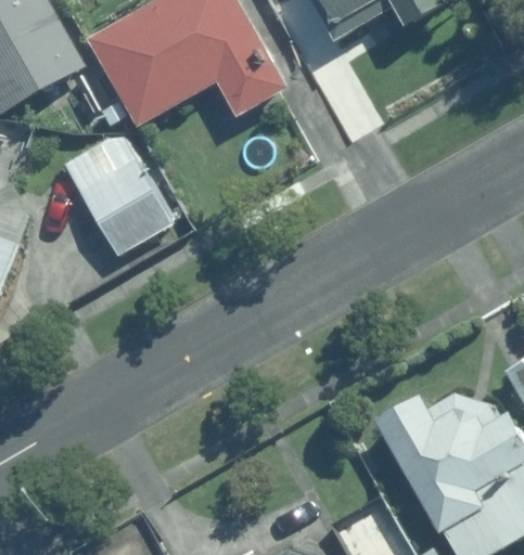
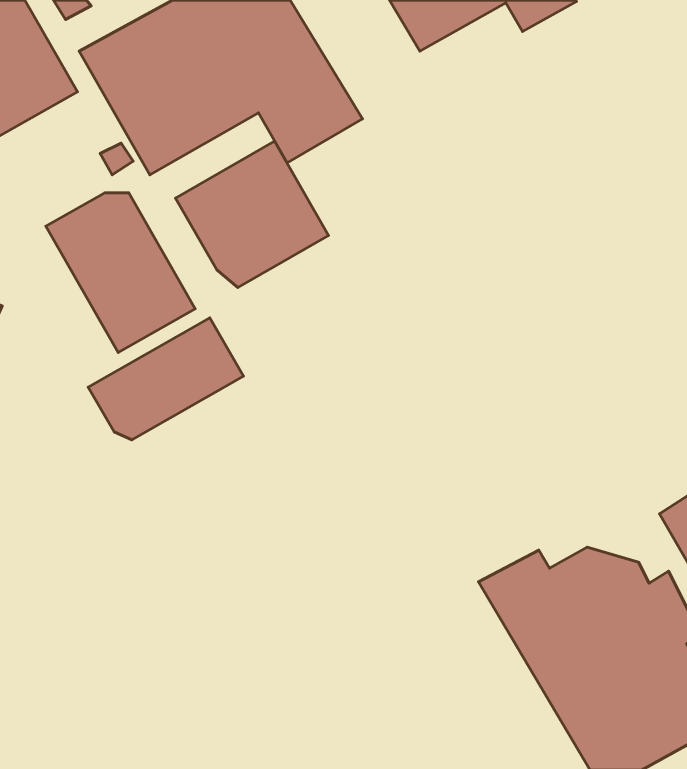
building: none -> [175,141,329,287]
building: none -> [88,318,243,440]

